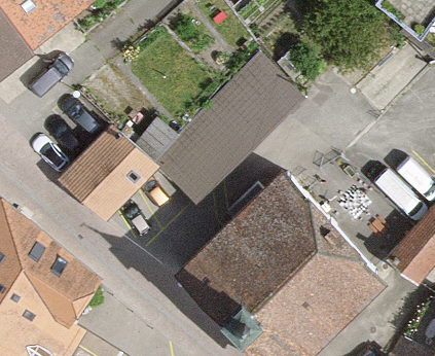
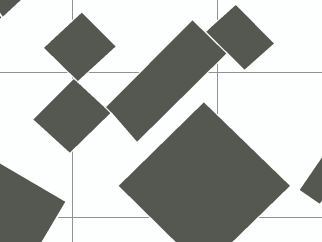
building: none -> [206,4,275,71]
building: none -> [43,12,116,82]

